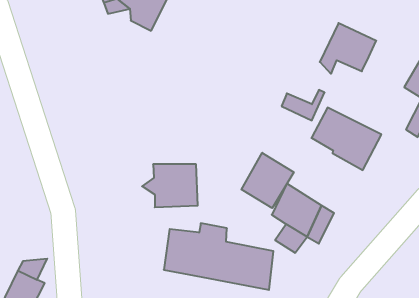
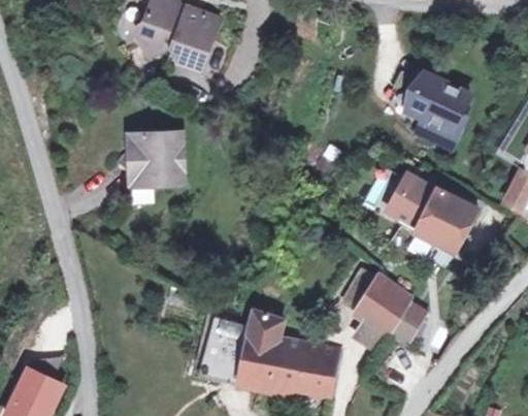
building: [282,90,325,120] -> [415,109,467,147]
building: [241,153,294,208] -> none
building: [142,164,198,207] -> [120,139,188,192]

